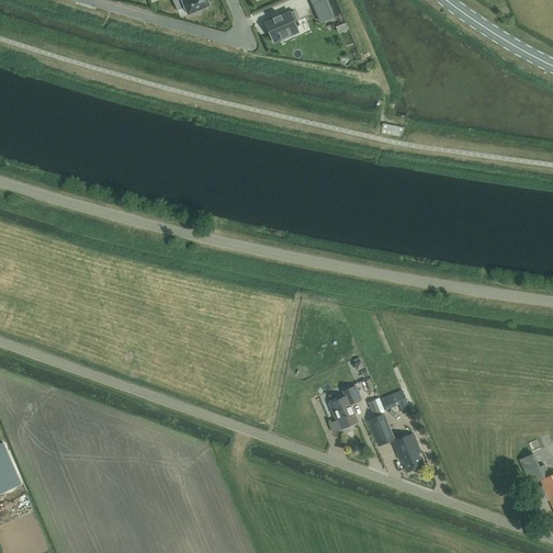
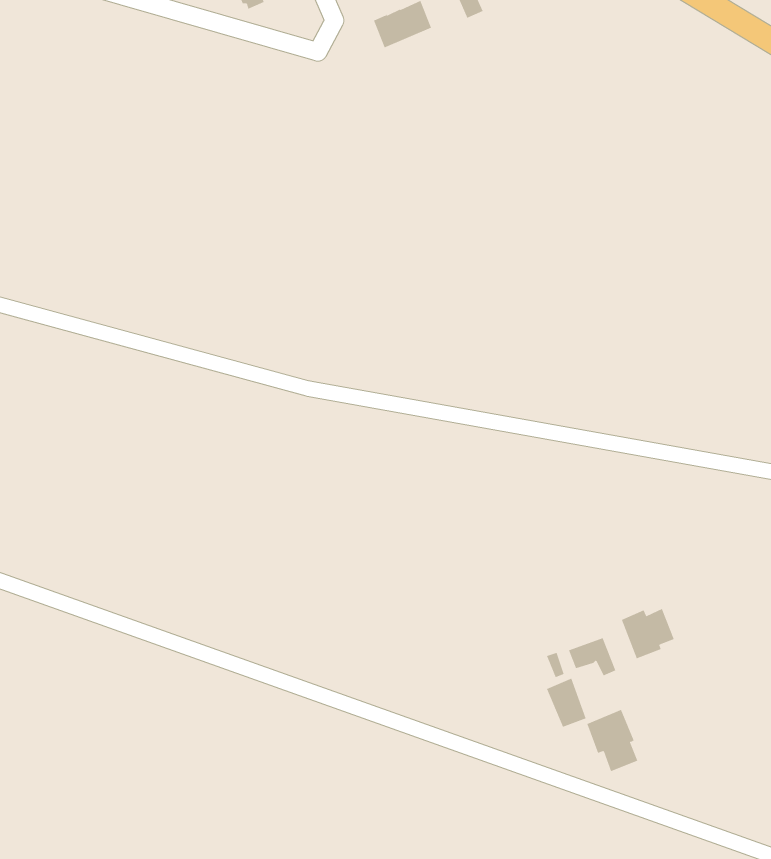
building: none -> [621,608,674,659]
building: [329,384,360,427] -> none

